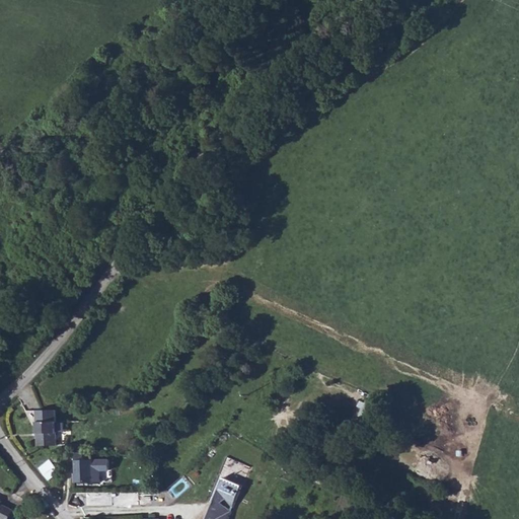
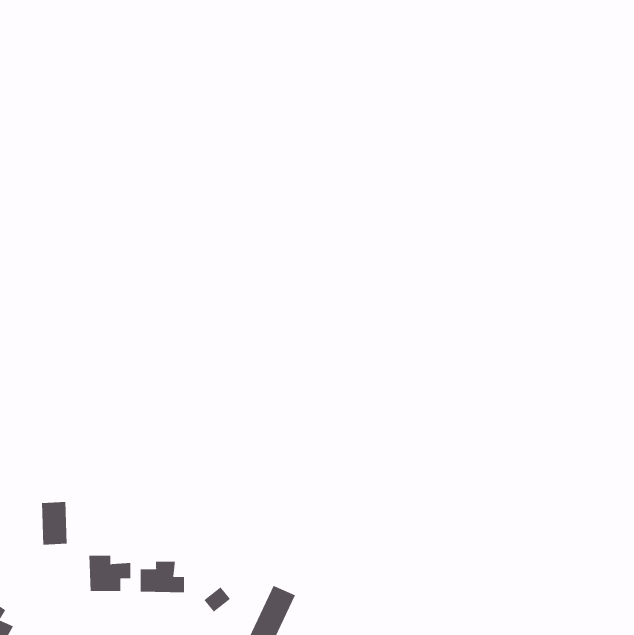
building: none -> [140,561,184,593]

